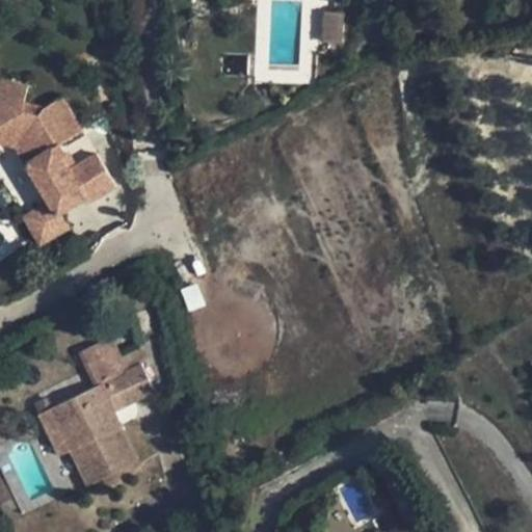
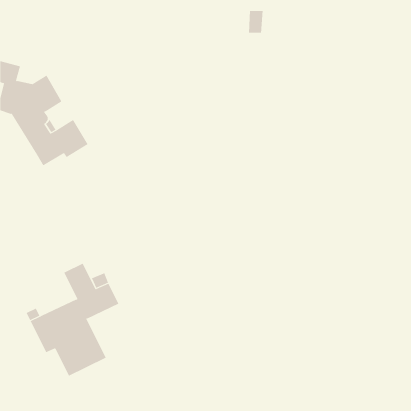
building: [21,201,63,244] -> none

